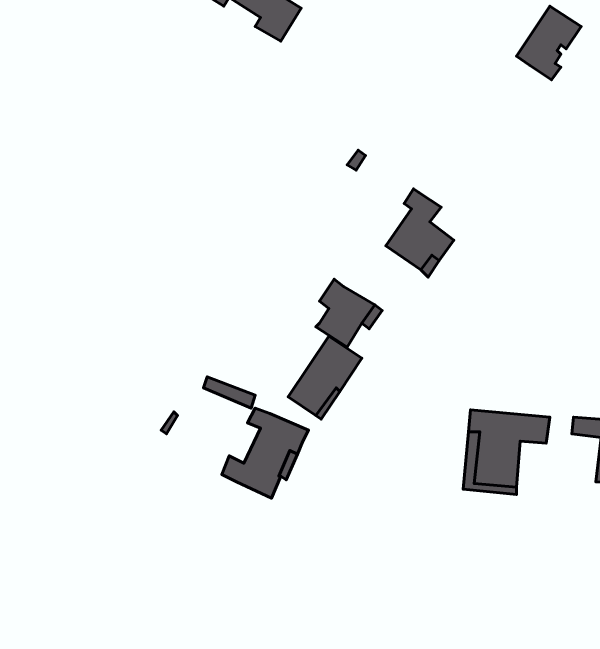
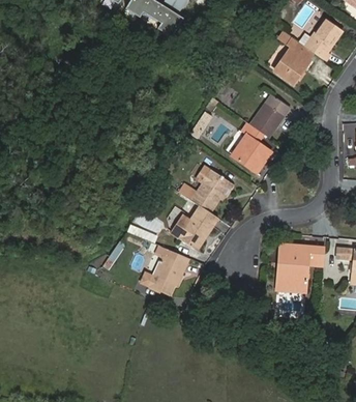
building: none -> [276,30,313,81]
building: none -> [250,90,290,134]

